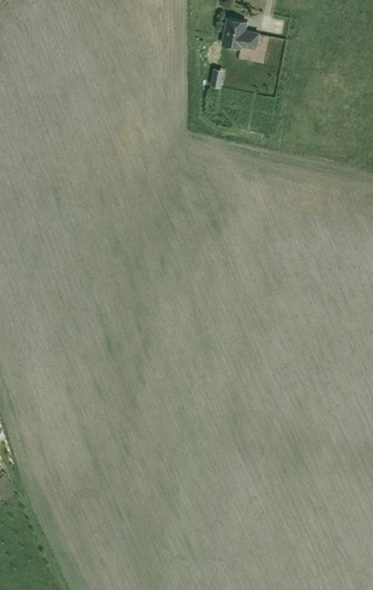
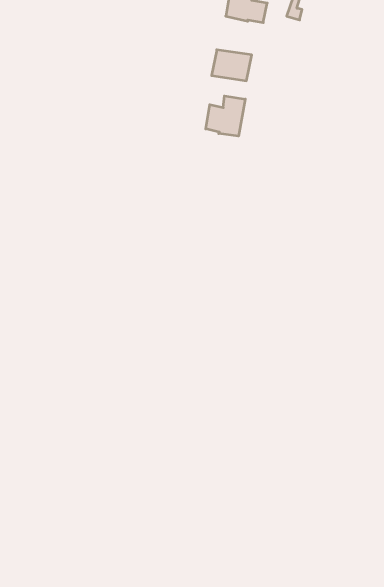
building: none -> [206,96,245,136]

